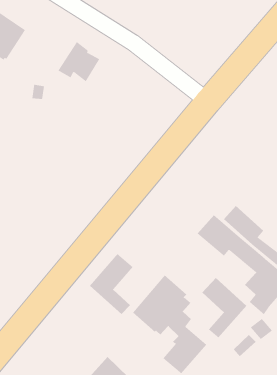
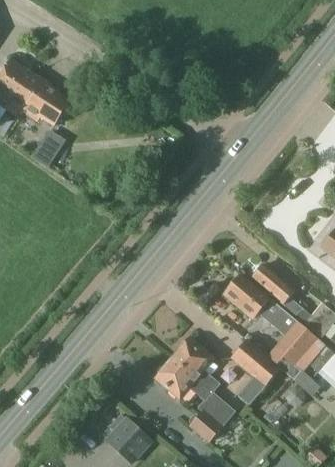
building: [58,41,100,82] -> [24,79,69,122]
building: [89,253,134,315] -> none

